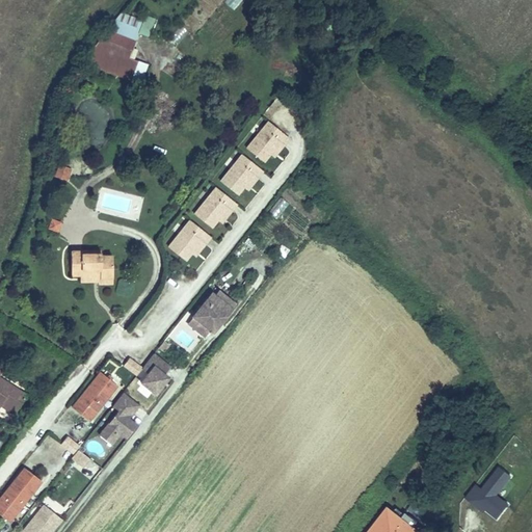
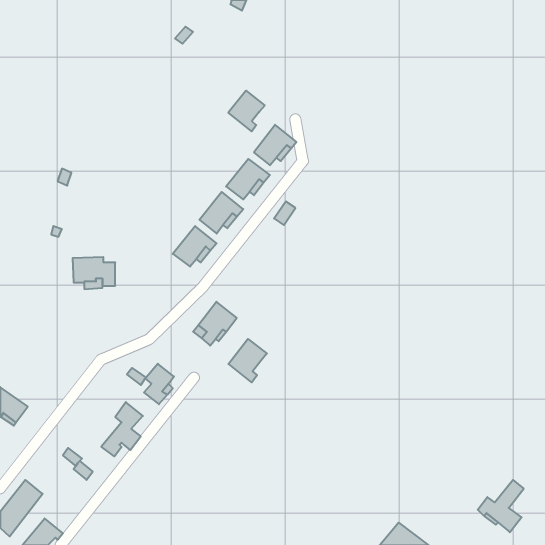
building: [82,21,139,79] -> none
building: none -> [228,91,265,131]
building: none -> [228,339,267,382]
building: [73,372,116,421] -> none

